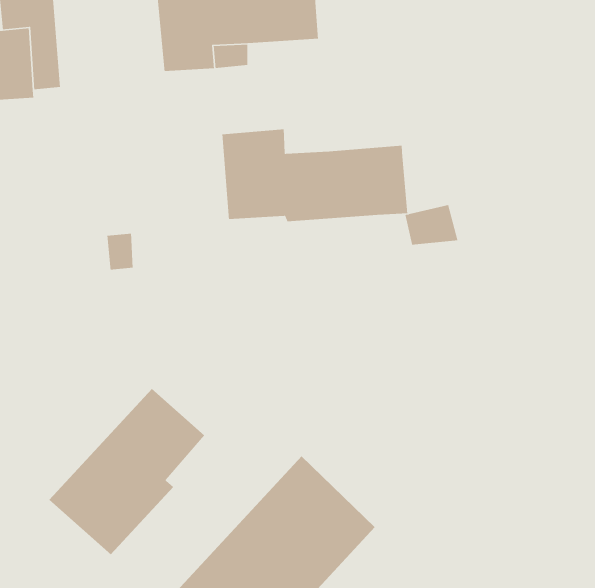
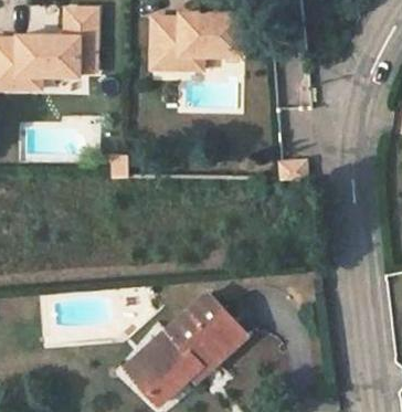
building: [222,128,408,222] -> none
building: [48,388,205,555] -> none

